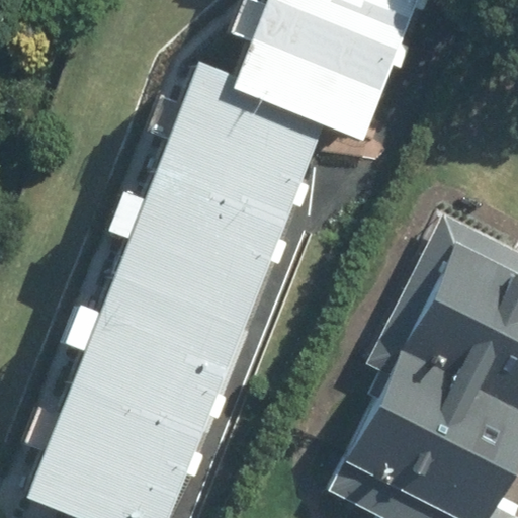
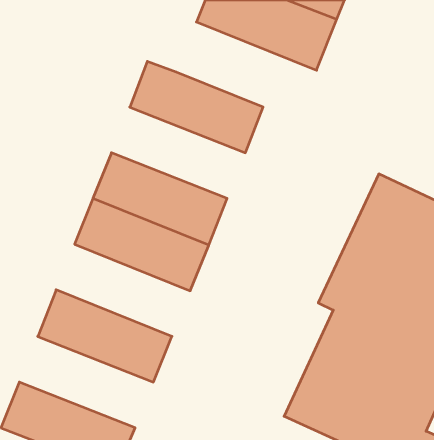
building: [220,35,381,149] -> none
building: [145,134,299,239] -> none
building: [81,291,236,398] -> none
building: [38,398,193,503] -> none

